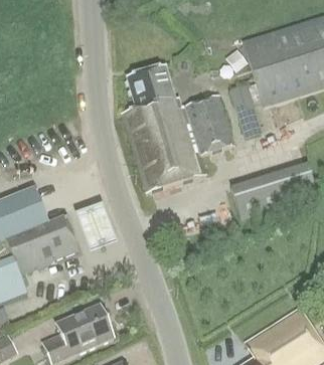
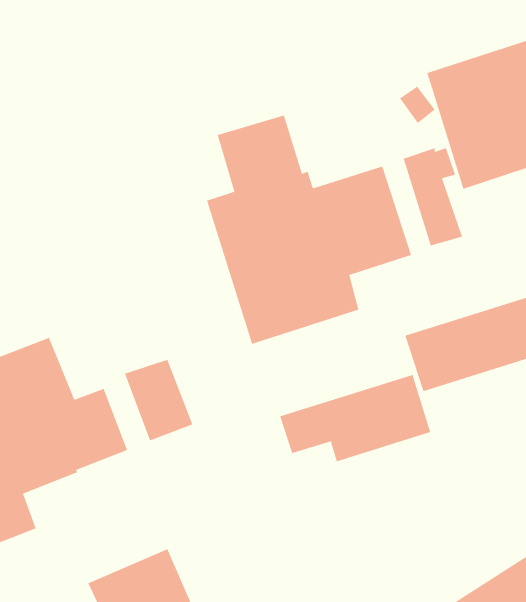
building: none -> [280,374,431,462]

